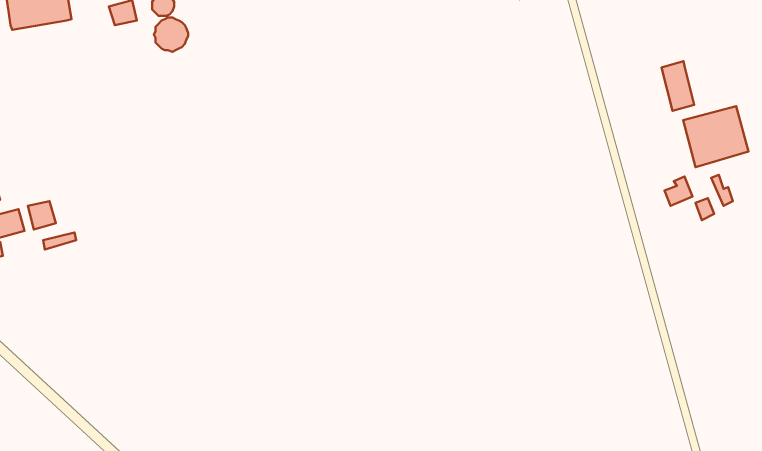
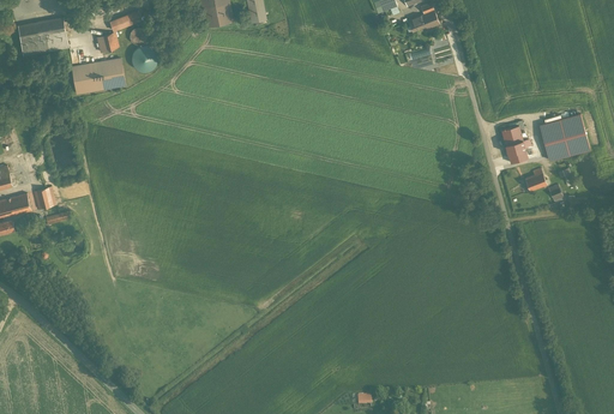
building: none -> [71,59,125,94]
building: [662,61,694,111] -> [501,125,526,163]

